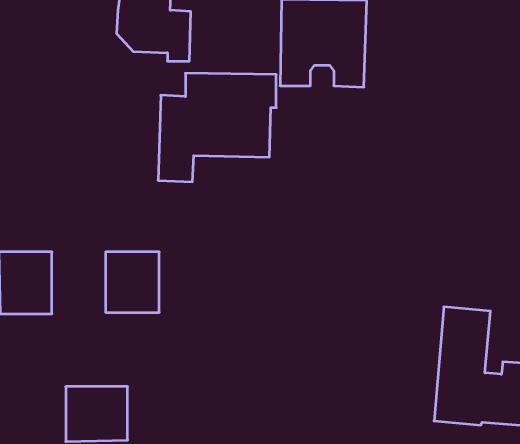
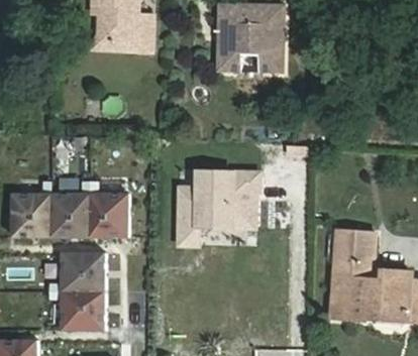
building: [158,73,276,182] -> [174,168,260,248]
building: none -> [49,193,89,238]
building: none -> [60,252,105,291]

